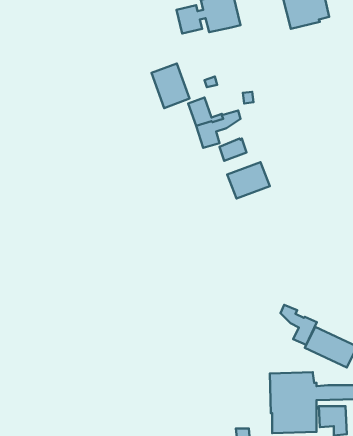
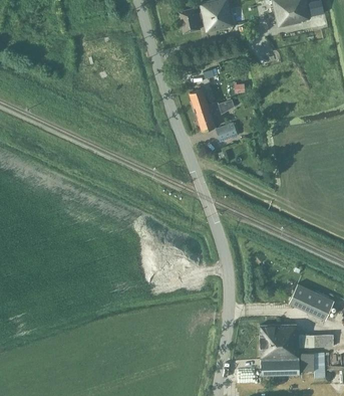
building: [152,63,190,108] -> none
building: [227,162,270,199] -> none
building: [281,305,317,345] -> none

